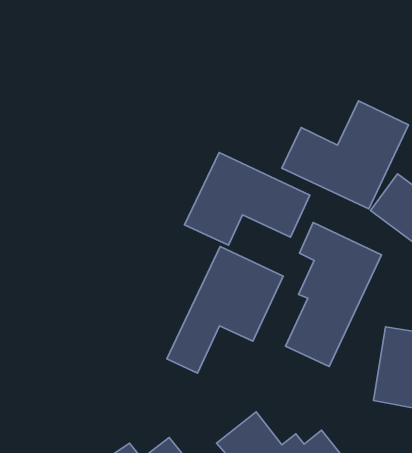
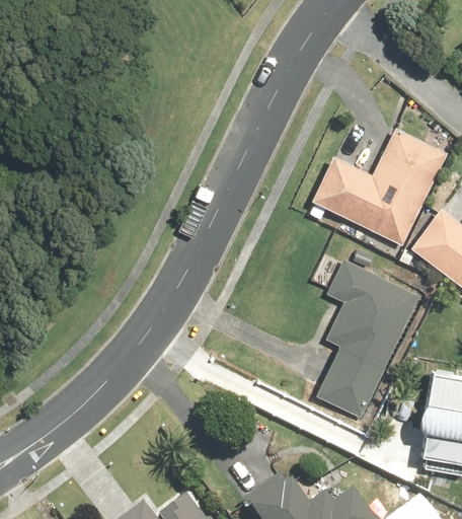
building: [184,152,310,245] -> none
building: [167,247,283,373] -> none

